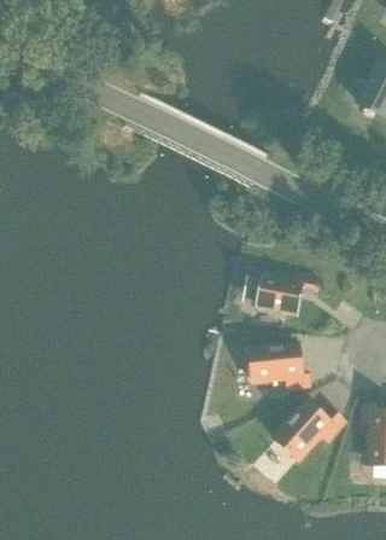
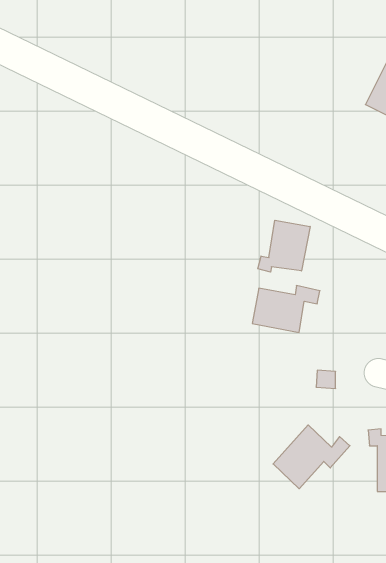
building: none -> [258,220,310,272]
building: [250,342,310,385] -> none

